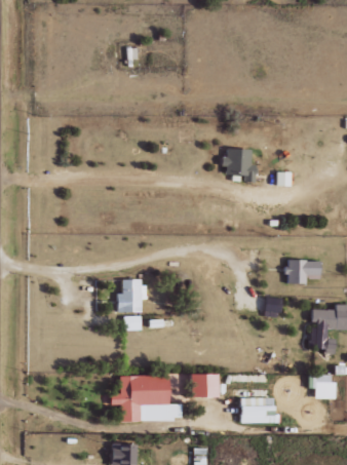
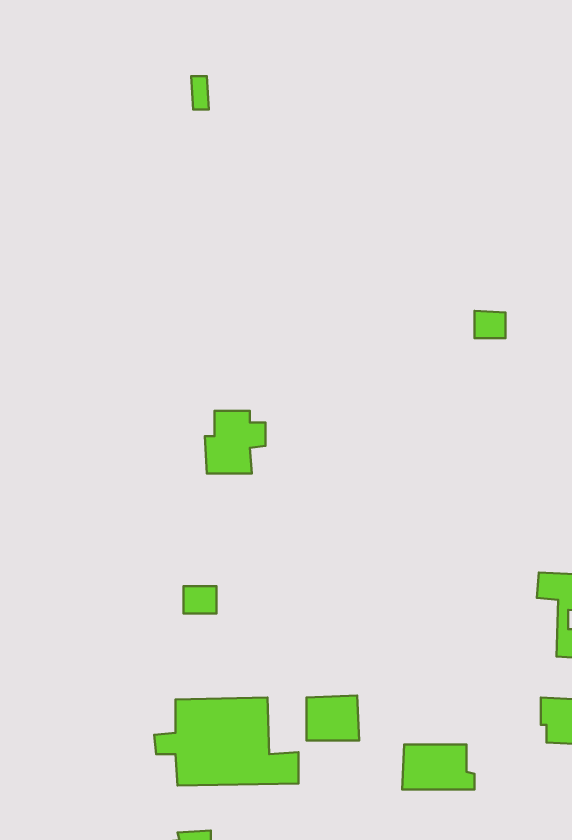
building: [223,149,255,178] -> none
building: [286,260,321,284] -> none
building: [116,279,148,312] -> [205,411,265,473]

